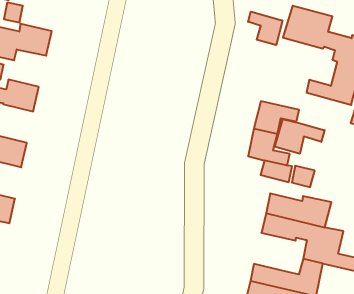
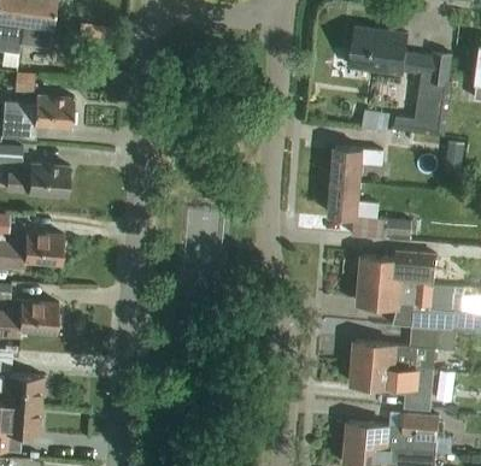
building: [248,12,282,45] -> none
building: [275,119,325,154] -> none

